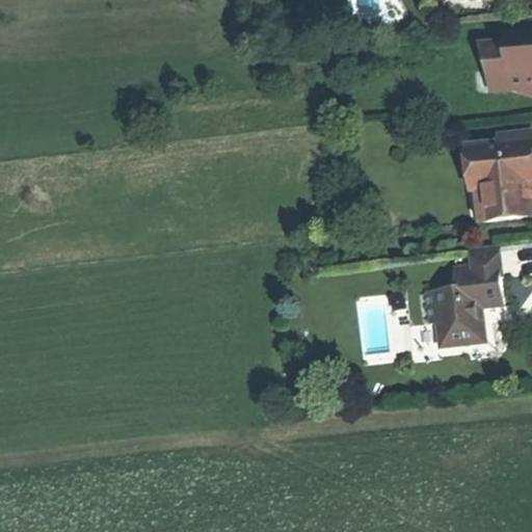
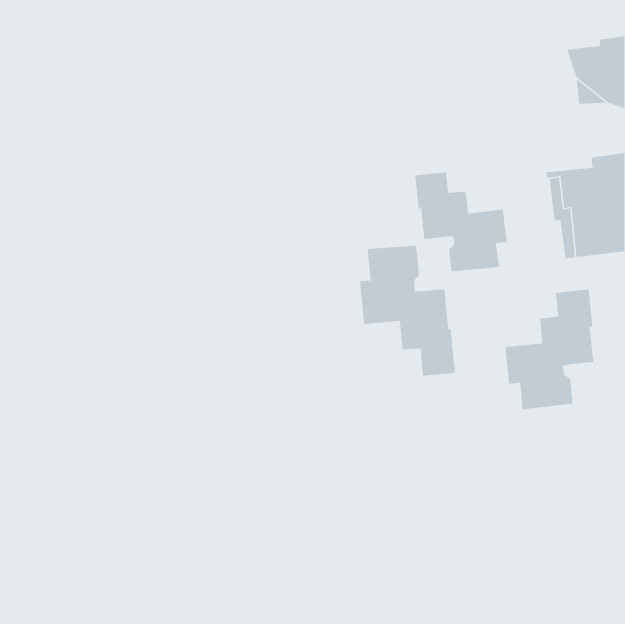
building: none -> [414,171,507,272]
building: none -> [359,245,456,376]

